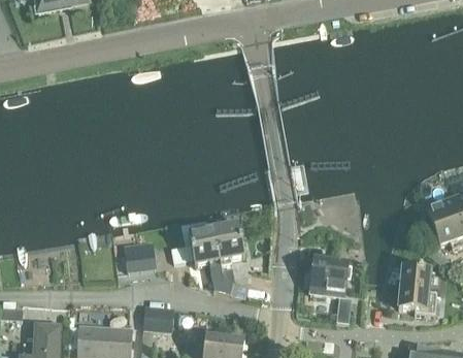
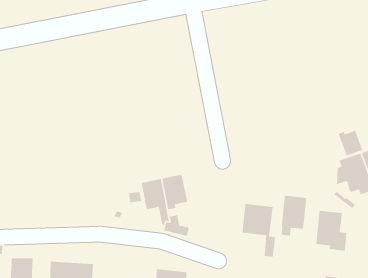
building: none -> [337,130,363,156]
building: none -> [281,195,307,236]
building: [125,248,156,271] -> none
building: [143,305,173,331] -> none

